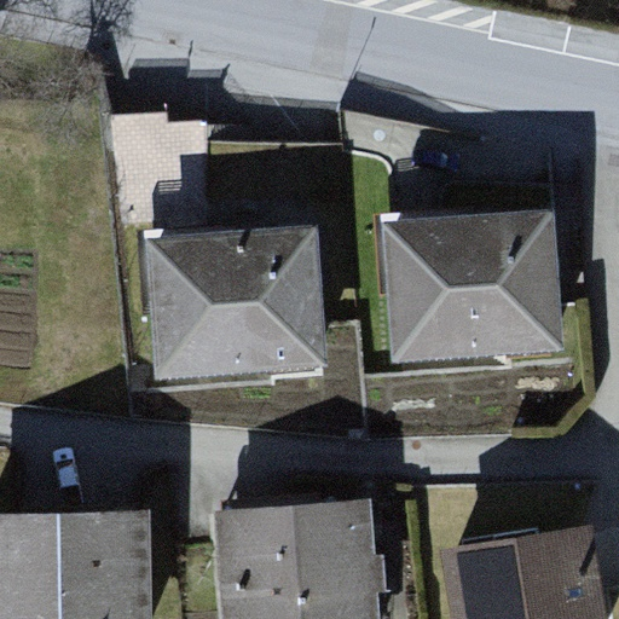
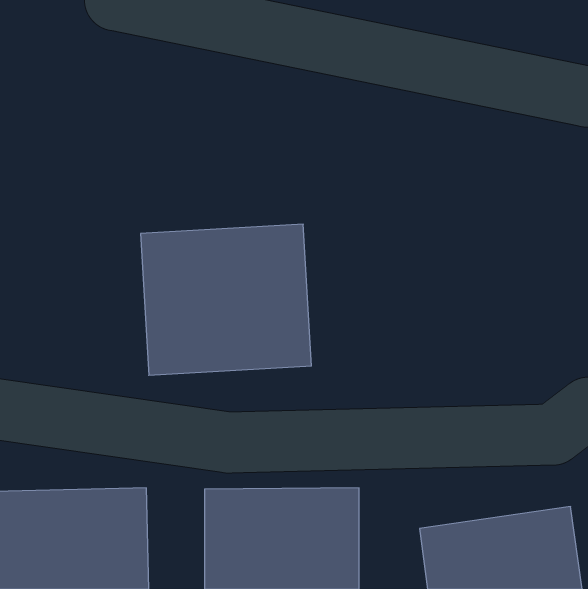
building: [389,215,562,365] -> none

